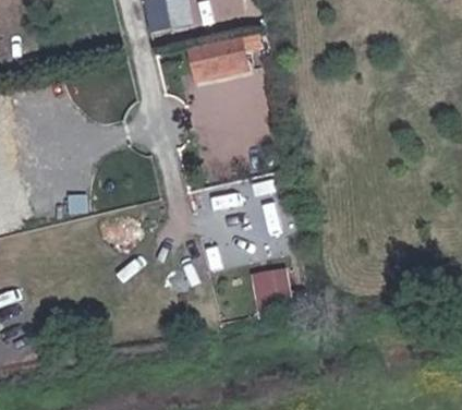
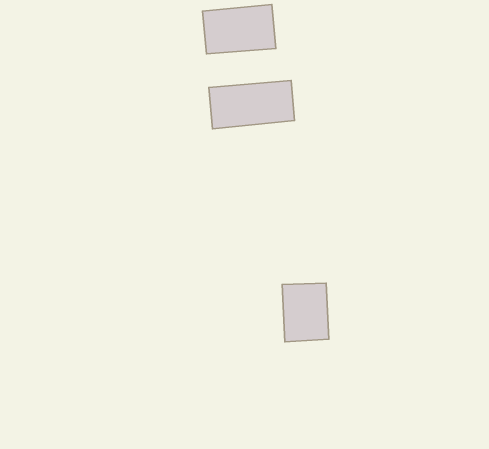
building: none -> [209,80,295,129]

